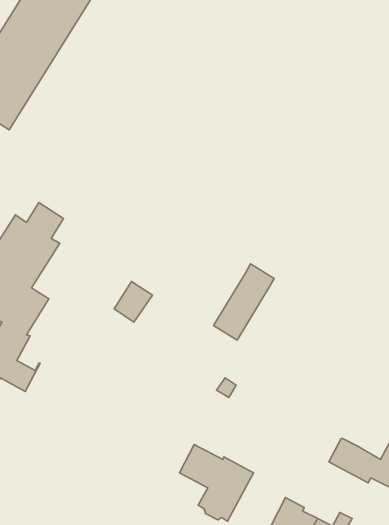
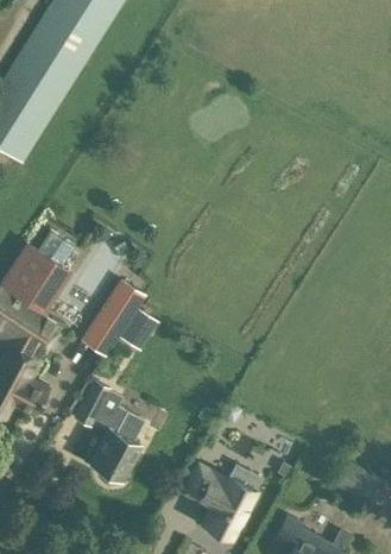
building: [214,264,274,340] -> [84,281,143,354]
building: none -> [76,380,145,480]

